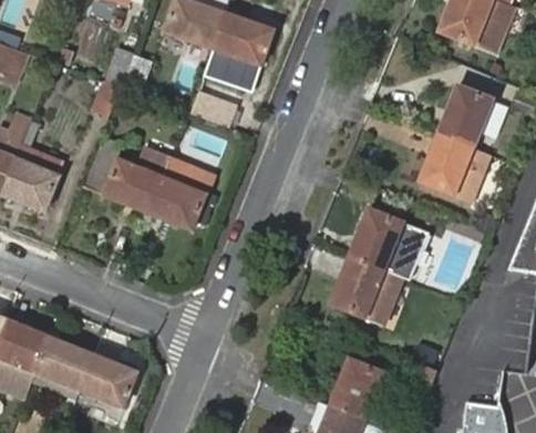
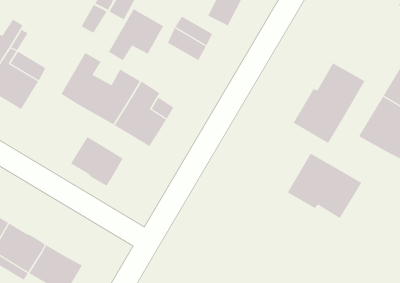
building: none -> [108,9,164,61]
building: none -> [293,62,365,144]
building: none -> [70,136,124,186]
building: [330,256,402,324] -> none

